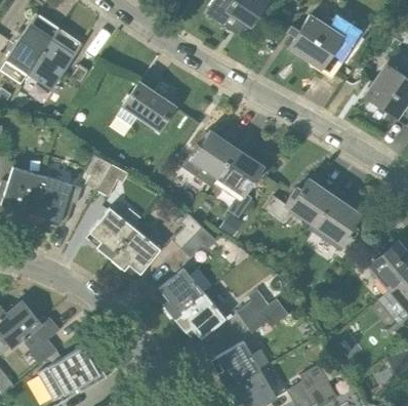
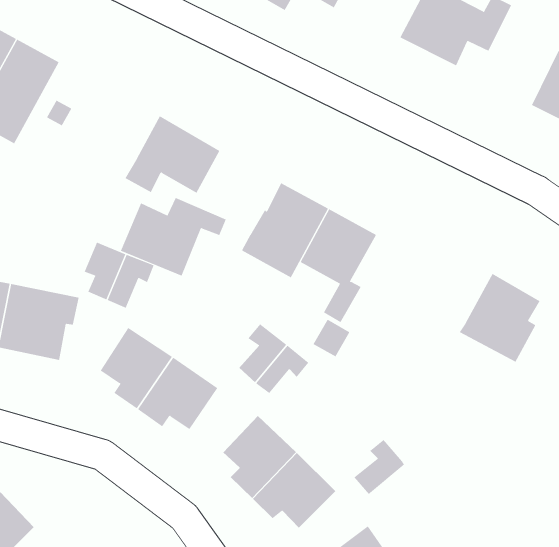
building: none -> [120,197,226,277]
building: [266,178,332,225] -> none
building: [245,298,288,332] -> none

